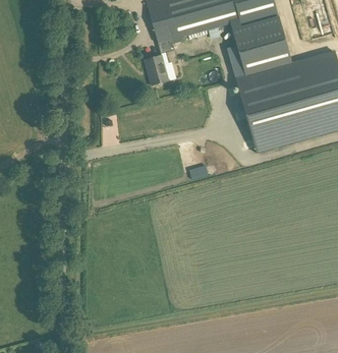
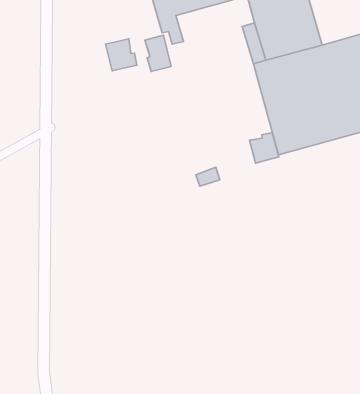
building: none -> [106,39,137,71]
building: none -> [250,132,279,163]

